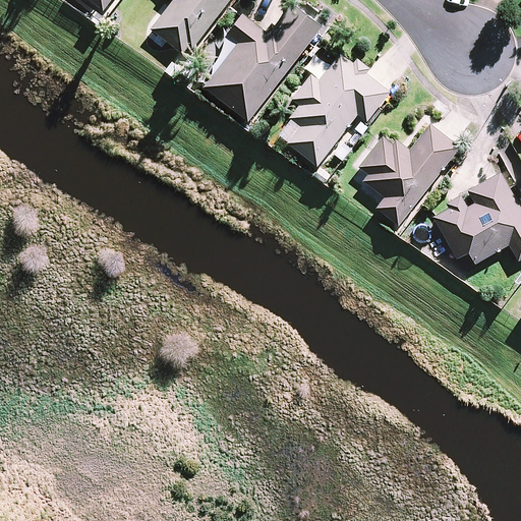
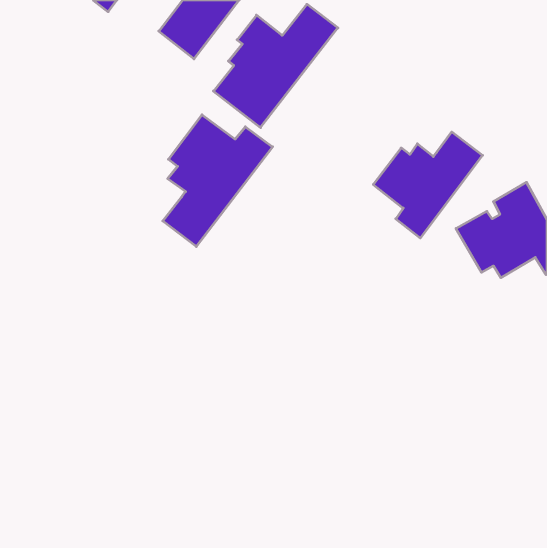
building: [278,54,389,166] -> none
building: none -> [163,115,273,247]

